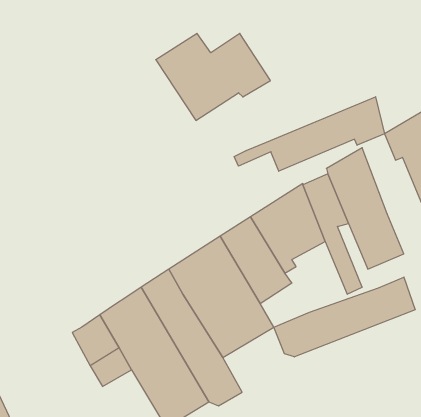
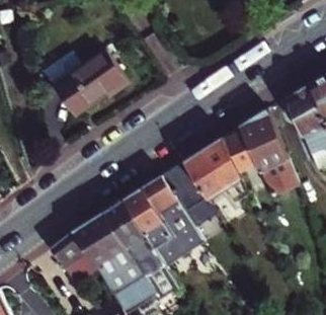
building: [156,33,270,120] -> [46,50,130,113]
building: [234,97,384,171] -> none
building: [274,277,415,357] -> none

